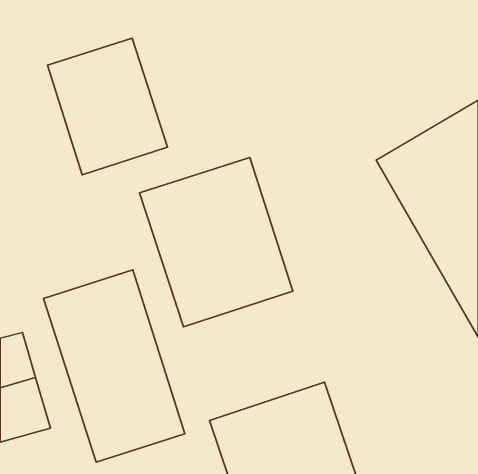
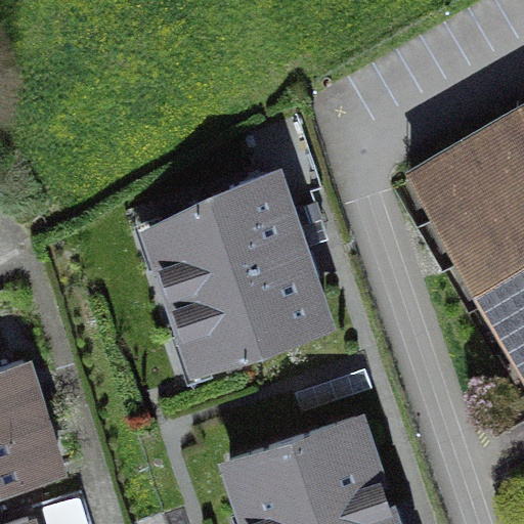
building: [48,38,167,175] -> none
building: [43,270,185,462] -> none

